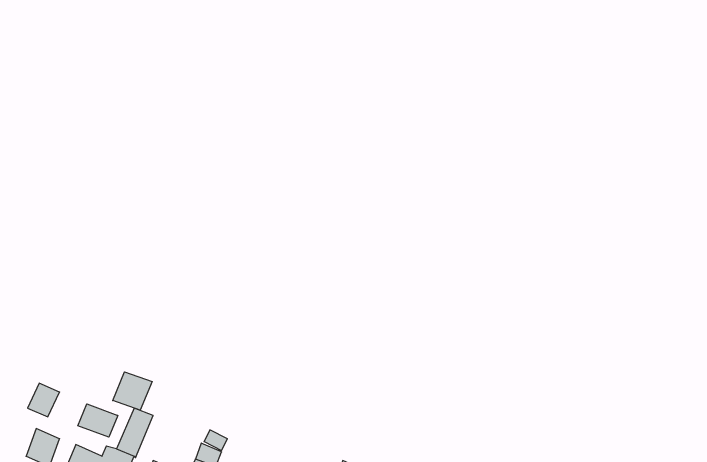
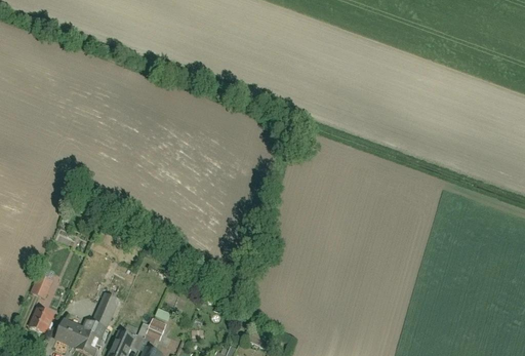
building: [113,372,152,410] -> none
building: [78,404,118,437] -> none

